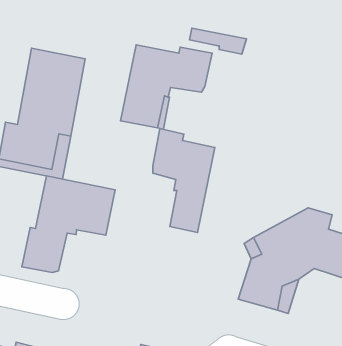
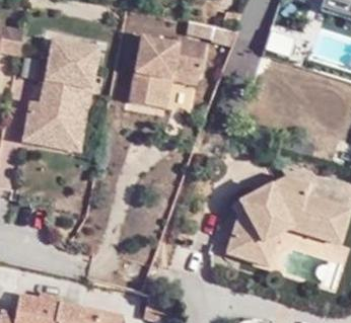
building: [153,128,215,232] -> none
building: [22,176,115,272] -> none

